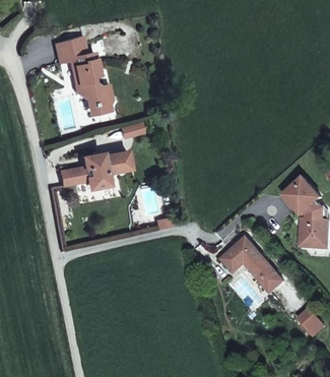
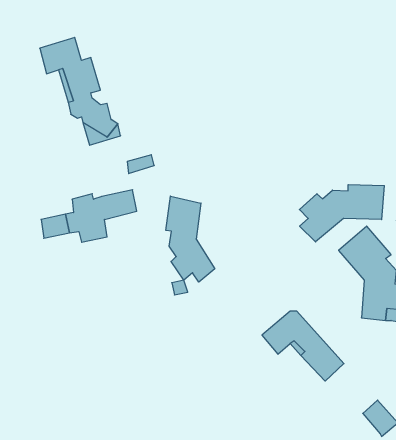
building: none -> [299,185,384,242]
building: none -> [166,196,215,282]

